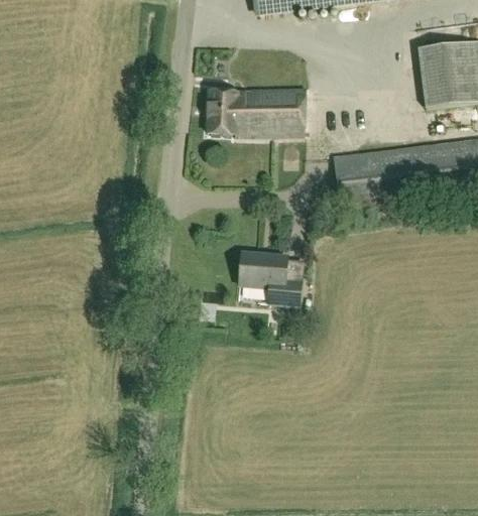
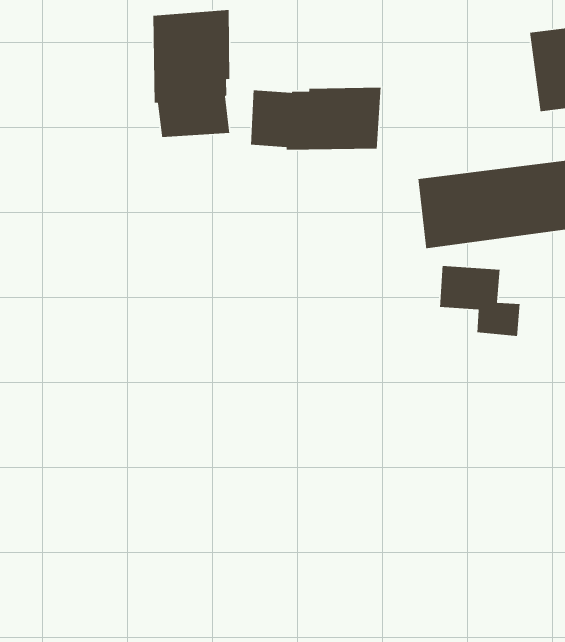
building: none -> [152,9,230,138]
building: [239,251,301,305] -> [439,265,520,337]

